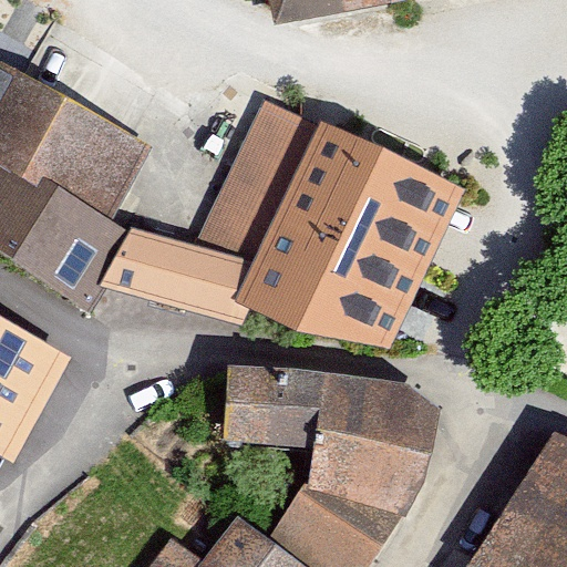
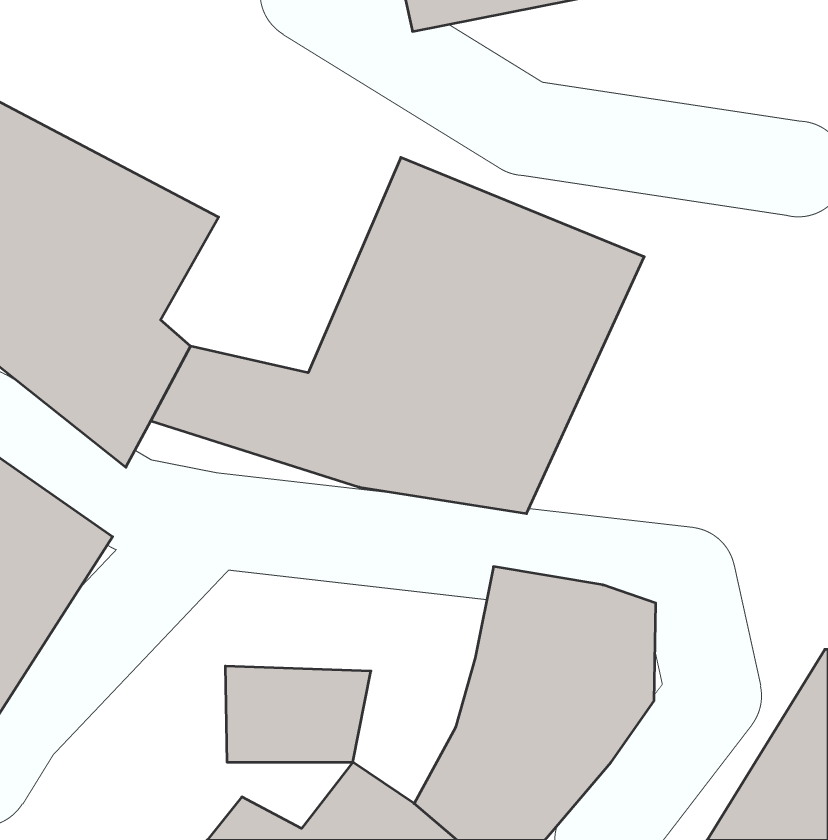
building: [233,375,330,440] -> [225,666,371,762]

